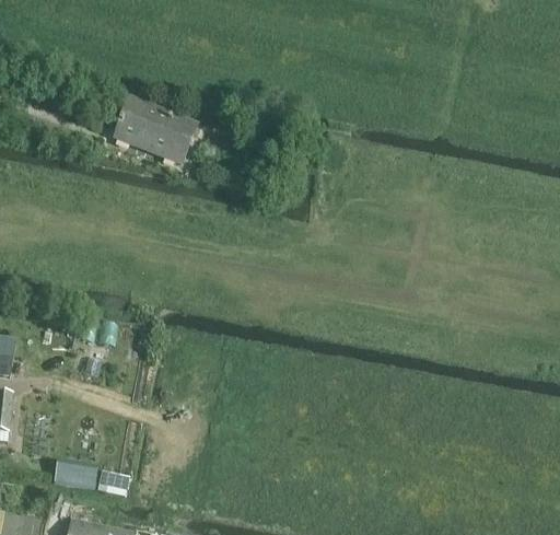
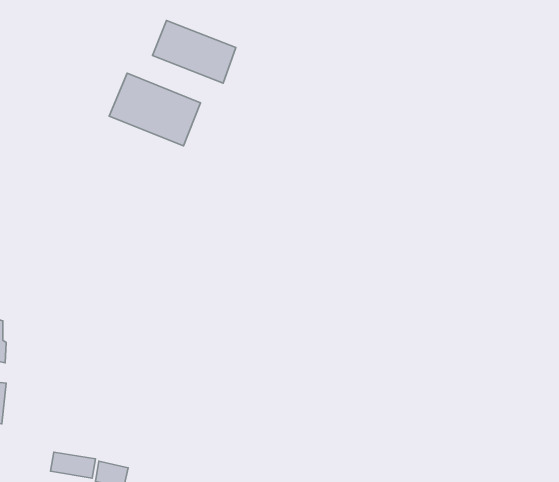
building: none -> [153,20,236,83]

